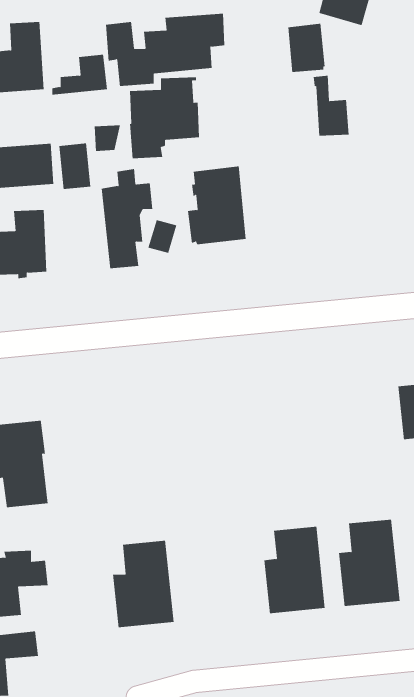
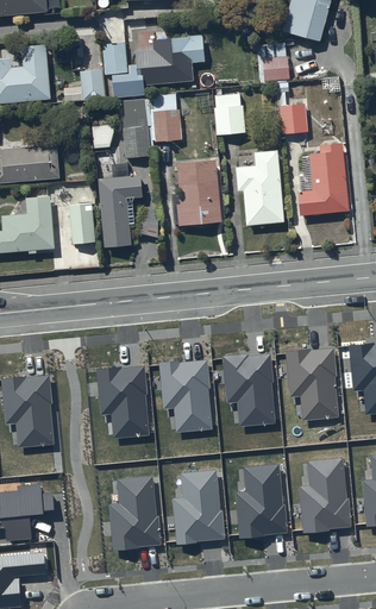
building: none -> [213,87,243,132]
building: [59,143,91,190] -> [67,203,94,243]
building: none -> [297,146,349,216]
building: none -> [234,151,283,226]
building: none -> [284,347,339,421]
building: none -> [221,353,275,426]
building: none -> [158,359,213,432]
building: none -> [95,365,149,439]
building: none -> [171,470,224,544]

